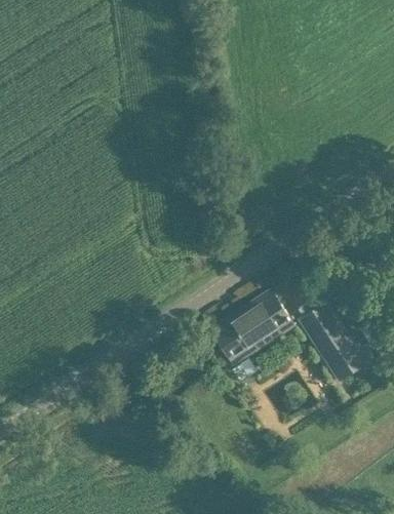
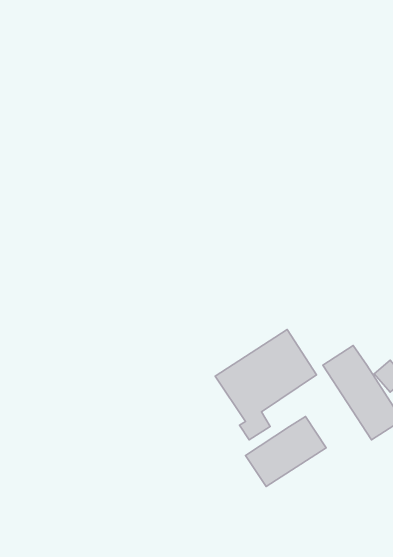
building: none -> [246,417,326,487]

